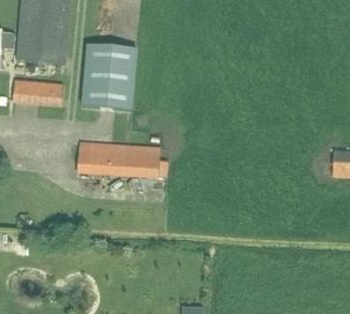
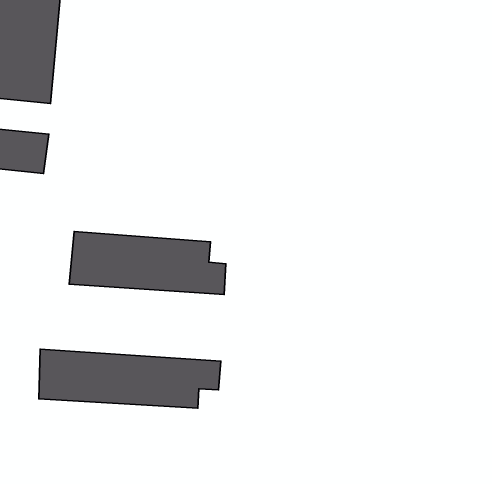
building: [80,44,138,112] -> none
building: none -> [39,349,221,408]

